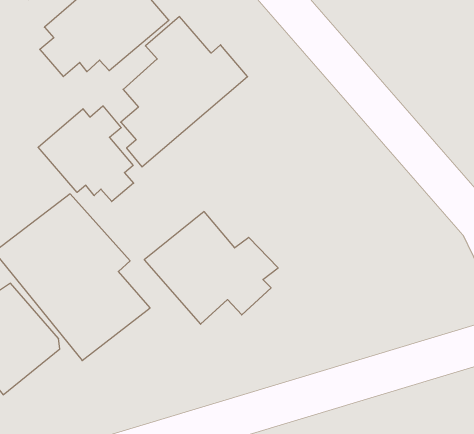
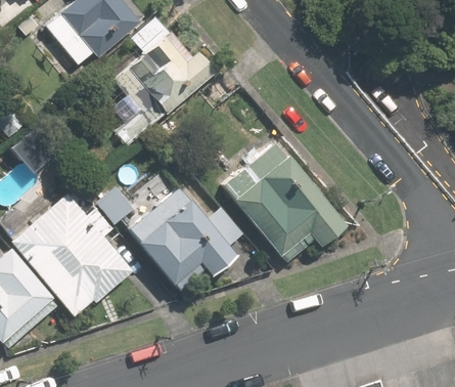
building: [38,106,134,202] -> none
building: none -> [223,143,348,255]

